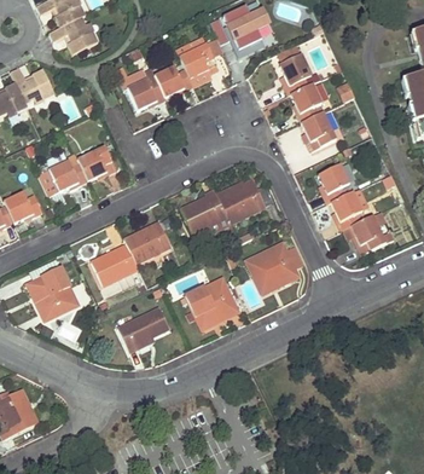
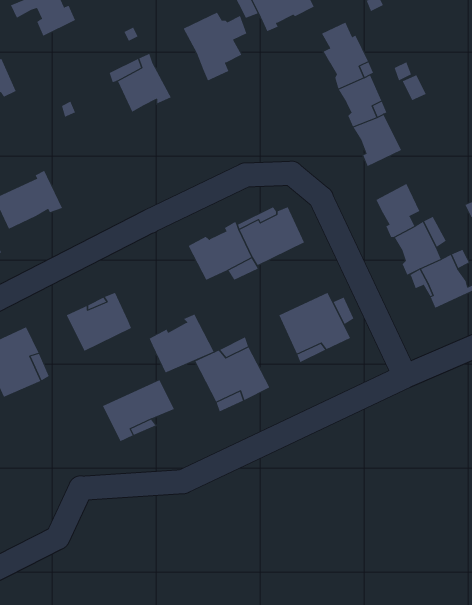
building: [155,64,194,97] -> none
building: [77,145,117,180] -> none
building: [124,219,173,262] -> [149,314,215,373]

